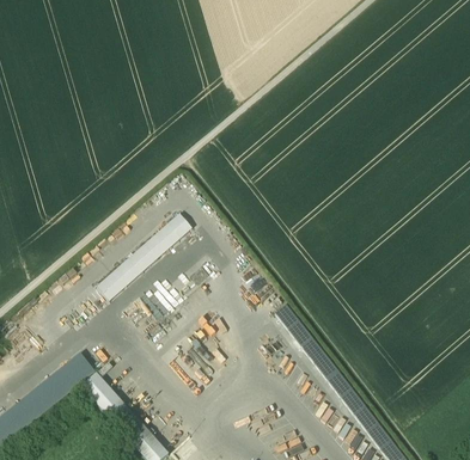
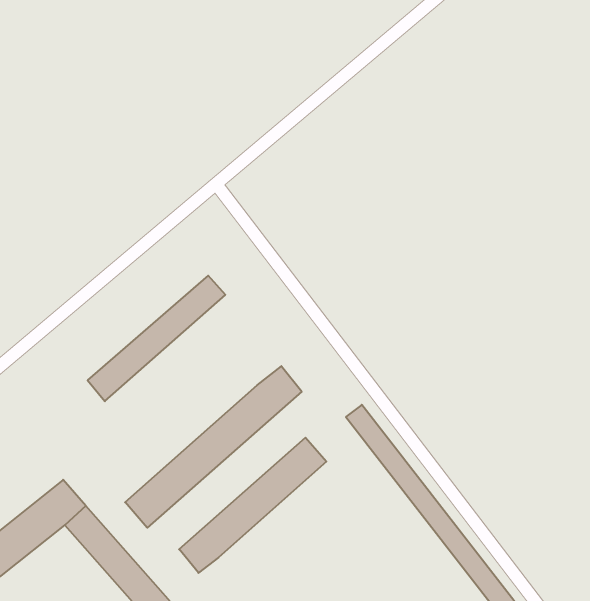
building: none -> [125,366,302,528]
building: none -> [179,438,326,573]

